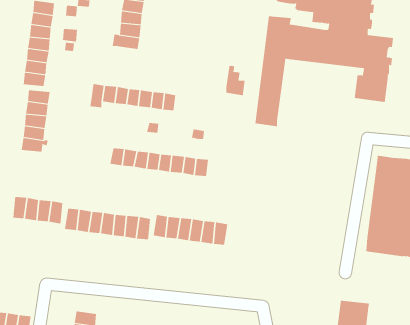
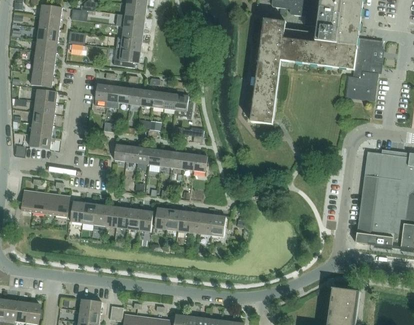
building: none -> [113,48,140,67]
building: [226,65,246,96] -> [174,88,193,117]

